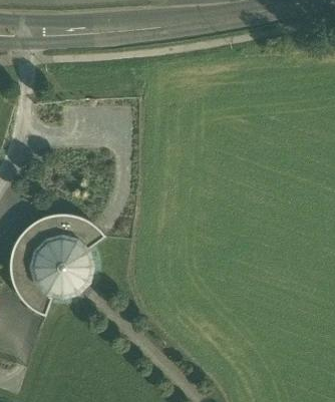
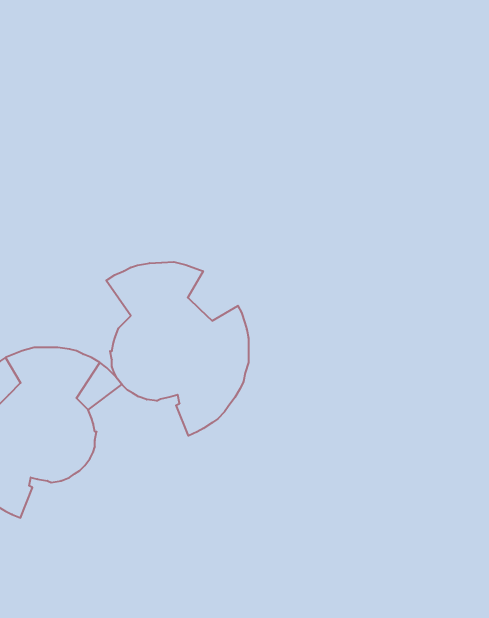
building: none -> [106,262,249,436]

